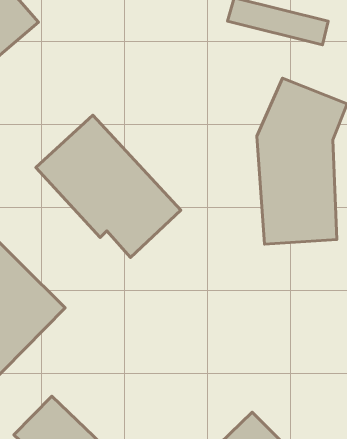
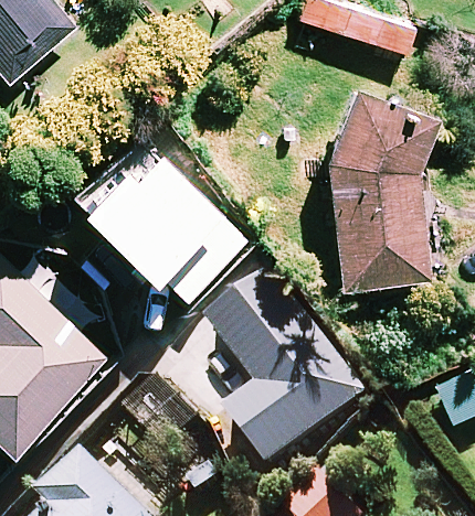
building: none -> [211,277,370,473]

